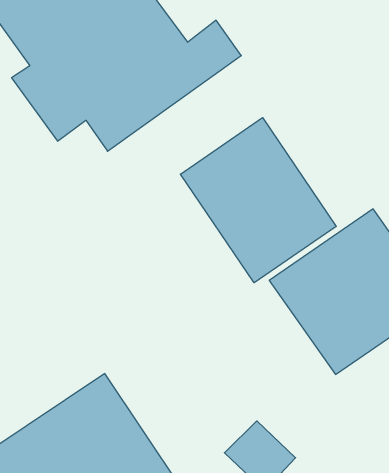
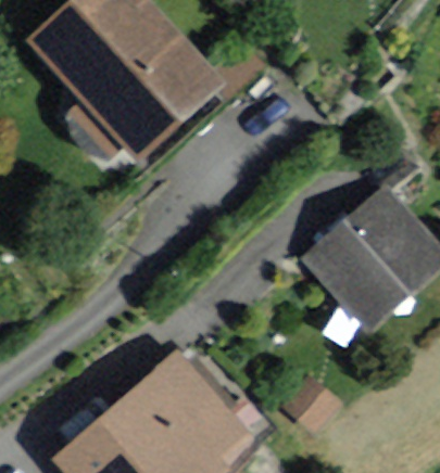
building: [180,118,336,283] -> none

